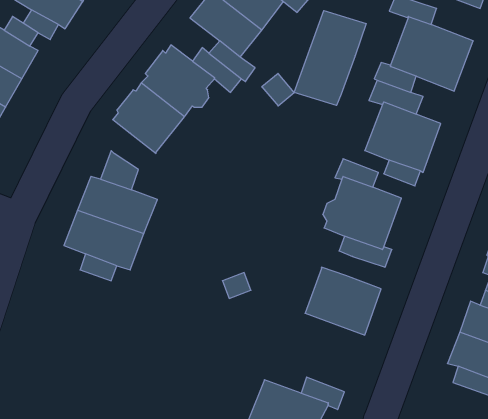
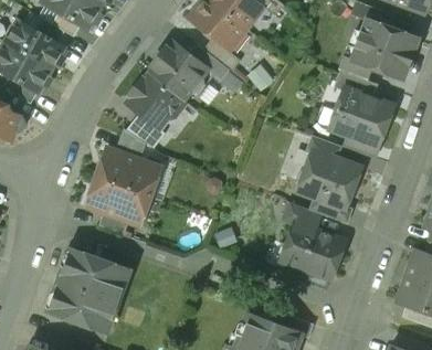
building: [294,11,366,105] -> none
building: none -> [126,114,166,149]
building: none -> [283,202,320,230]
building: none -> [49,250,128,330]

